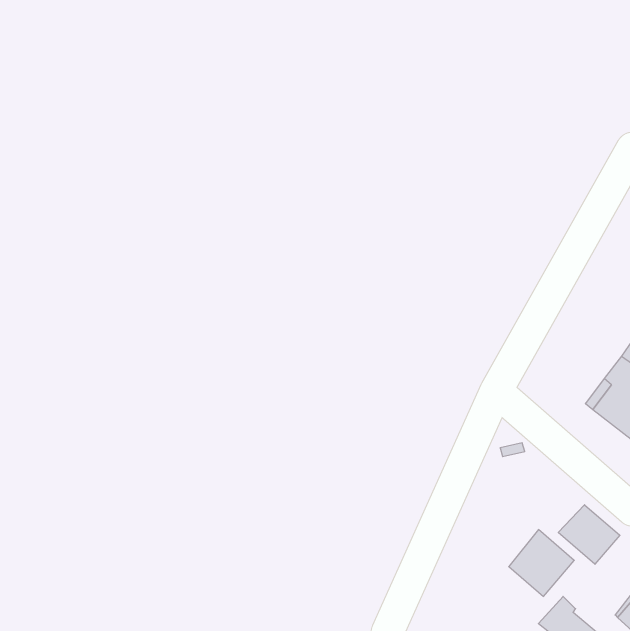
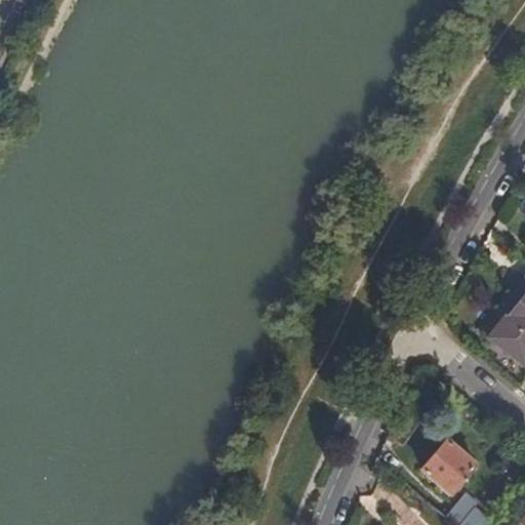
building: [558,505,620,564] -> none

